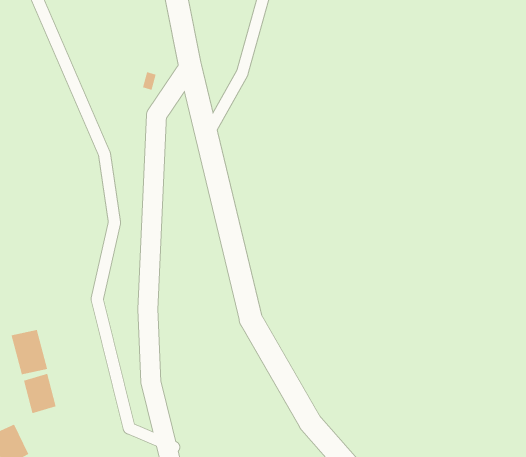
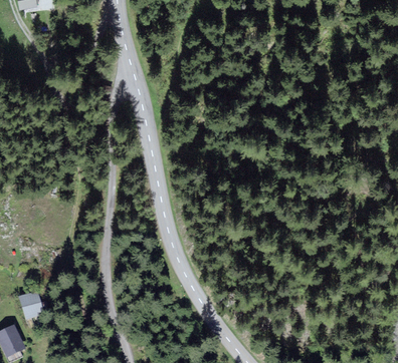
building: [11,329,48,375] -> none

